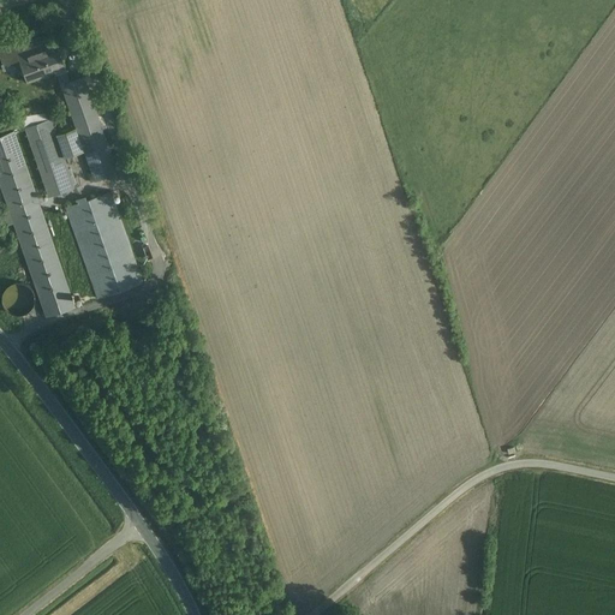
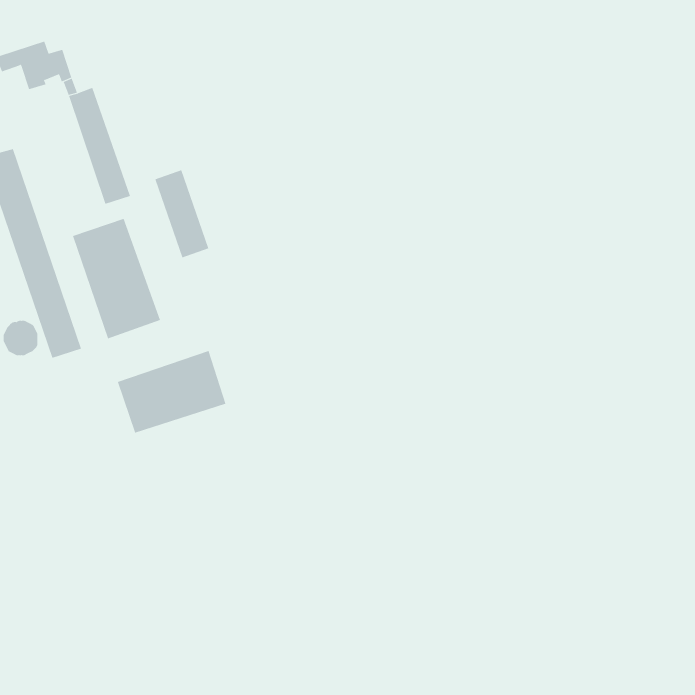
building: [23,120,71,198] -> [155,170,209,258]
building: none -> [117,350,226,434]

